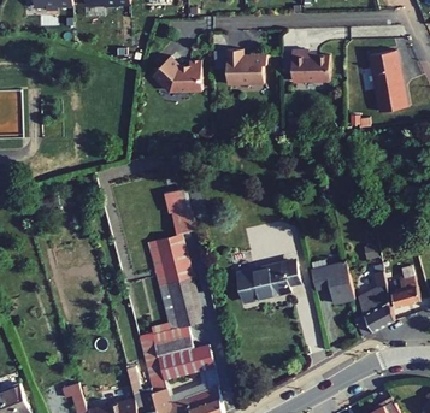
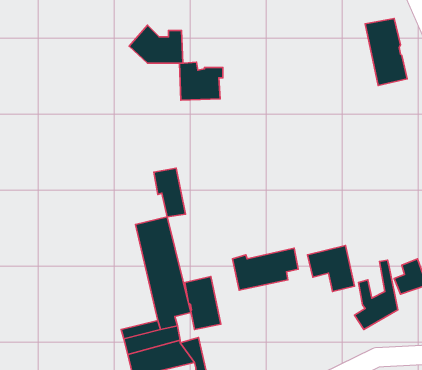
building: [224,51,264,85] -> [180,62,223,100]
building: [288,52,328,83] -> none
building: none -> [185,276,221,329]

